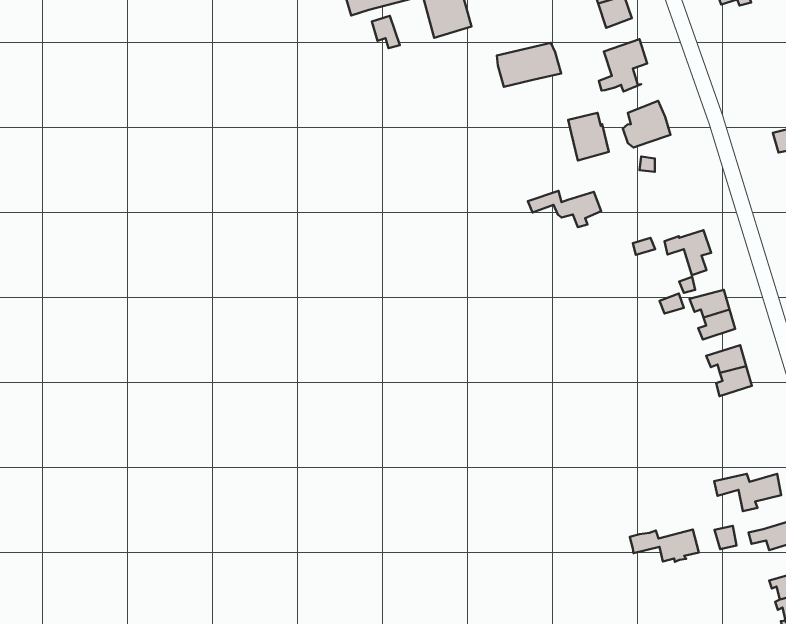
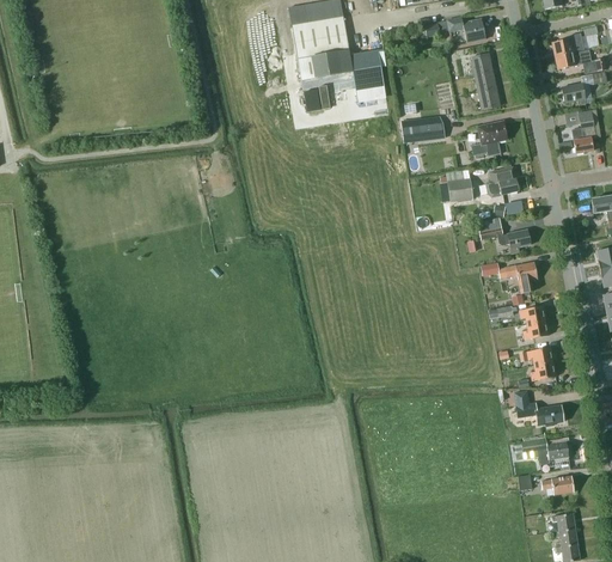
building: none -> [571,109,595,152]
building: [528,191,601,227] -> [478,225,530,252]
building: [630,530,699,562] -> [515,402,563,426]

